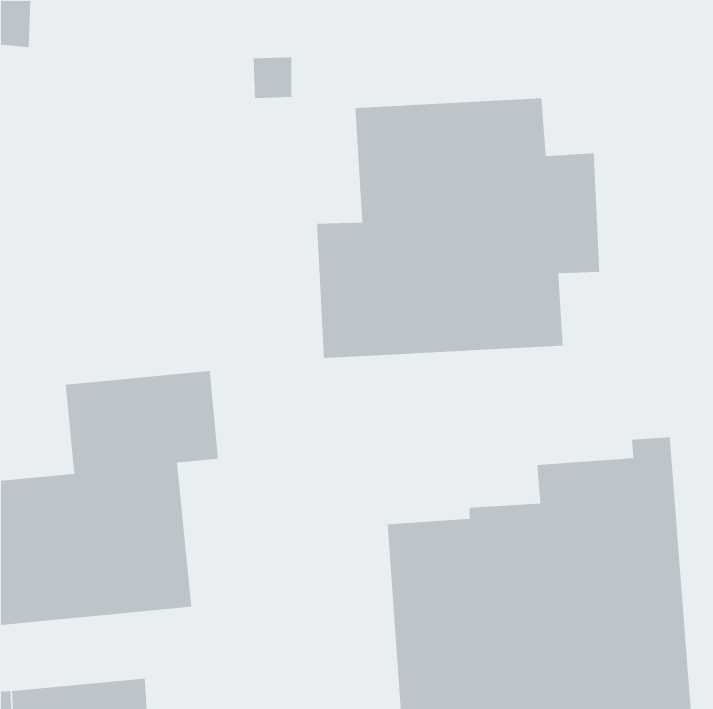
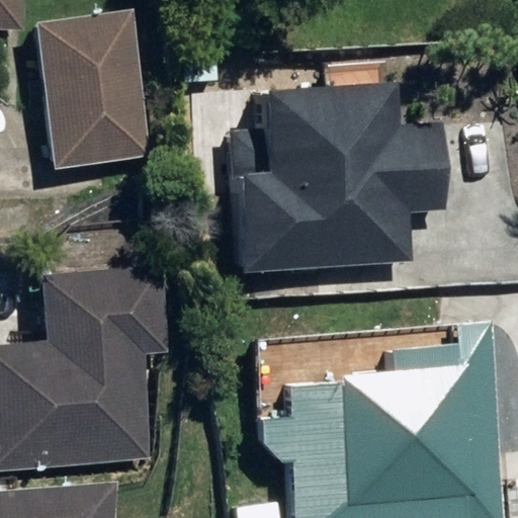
building: none -> [38,22,154,181]

